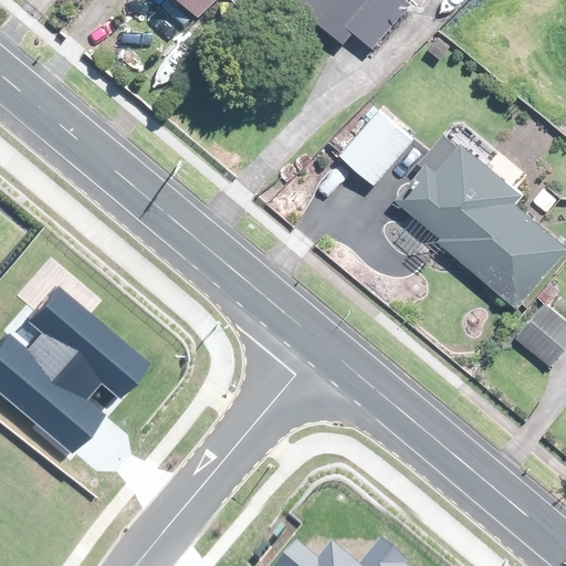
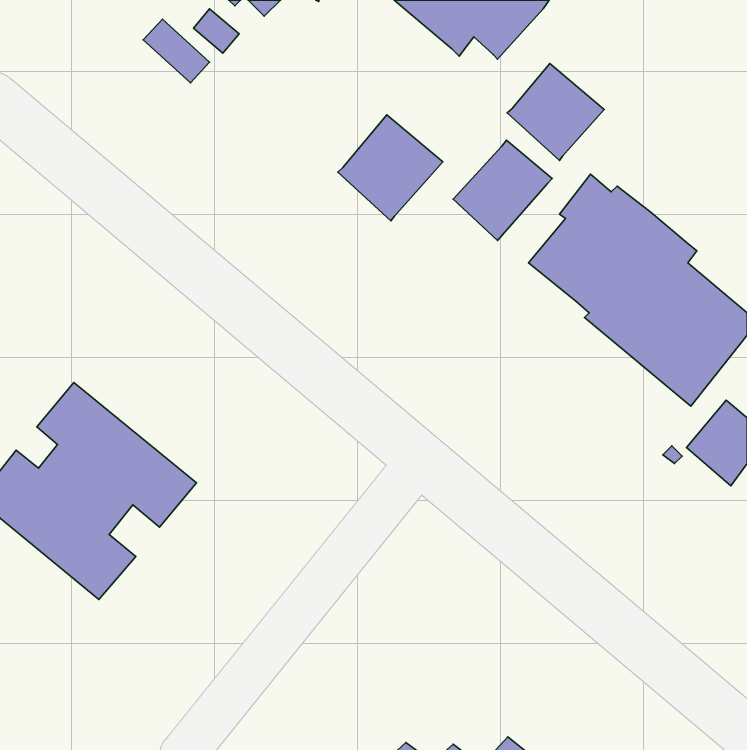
building: none -> [507,63,604,160]
building: none -> [338,115,443,221]

